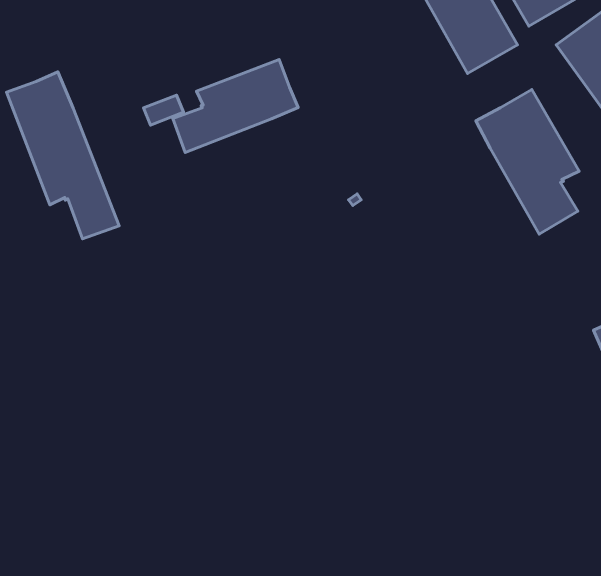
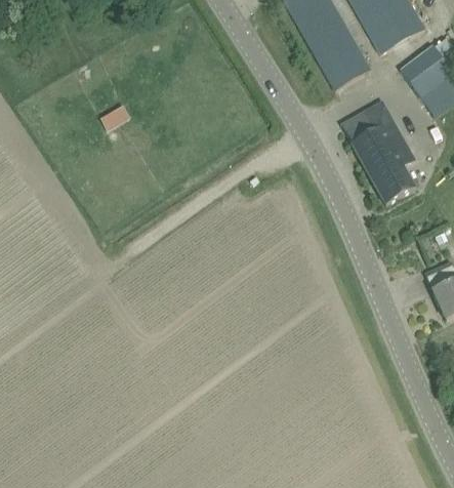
building: [173,60,298,153] -> none
building: [6,72,119,239] -> none

